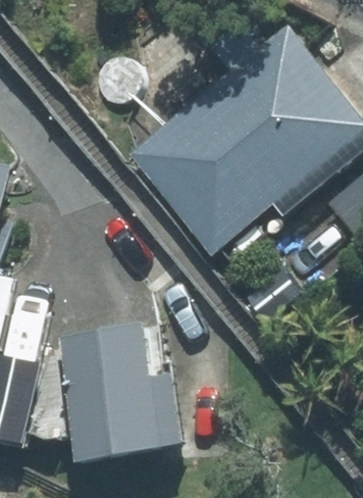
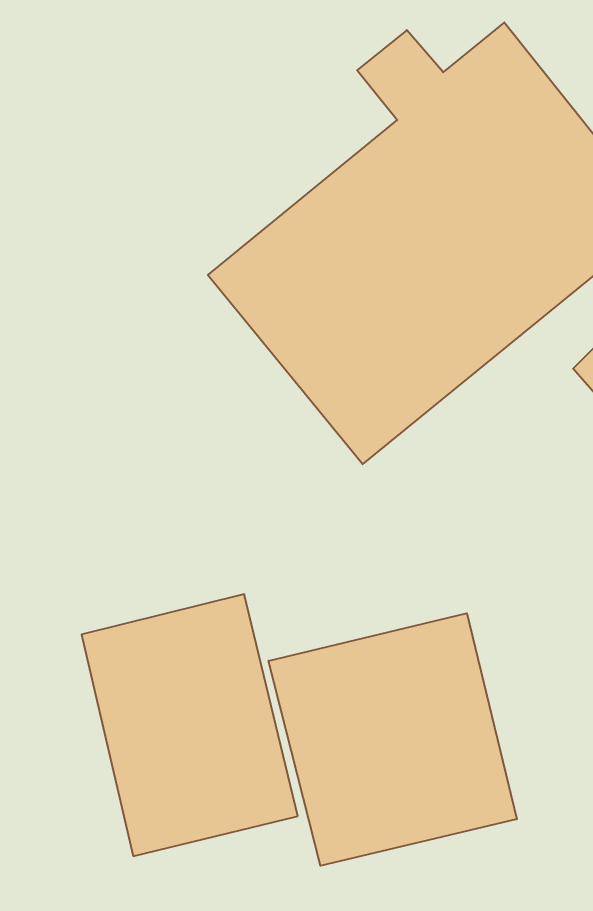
building: none -> [269,613,517,866]

